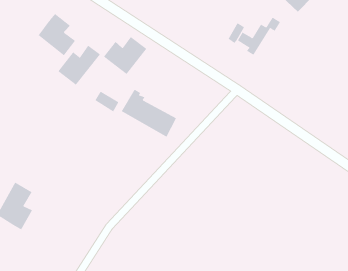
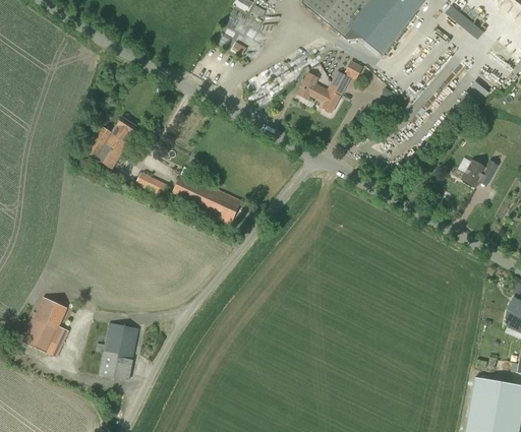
building: [38,13,76,56] -> none
building: [103,36,147,75] -> none
building: none -> [99,321,140,381]

